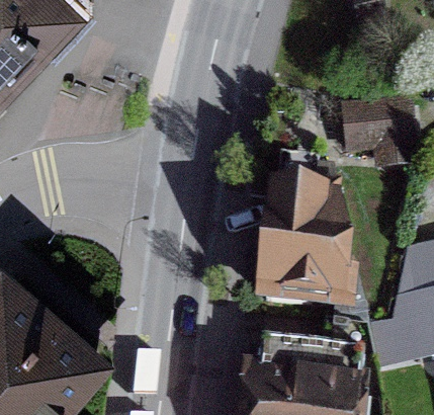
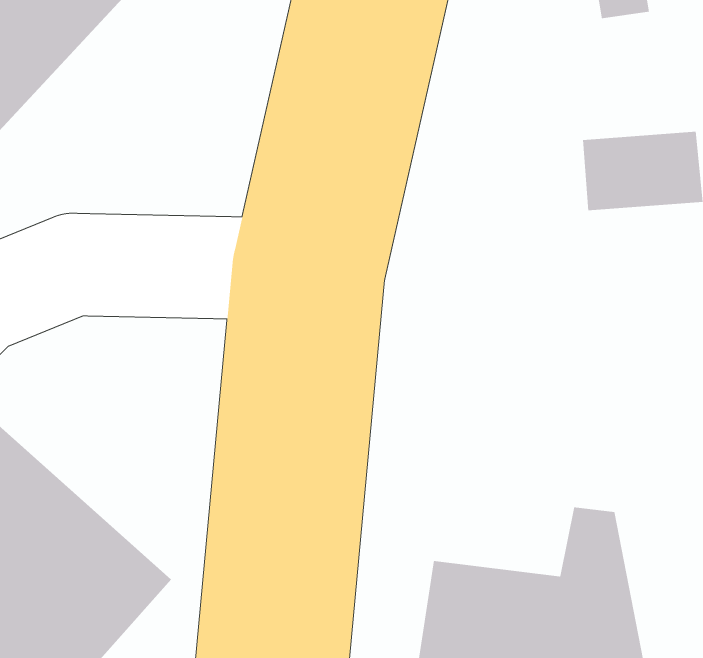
building: [266,151,359,304] -> none

